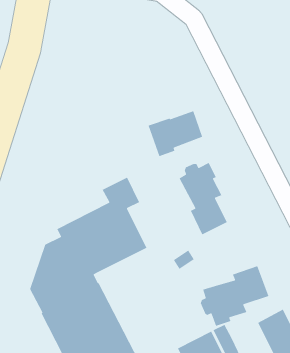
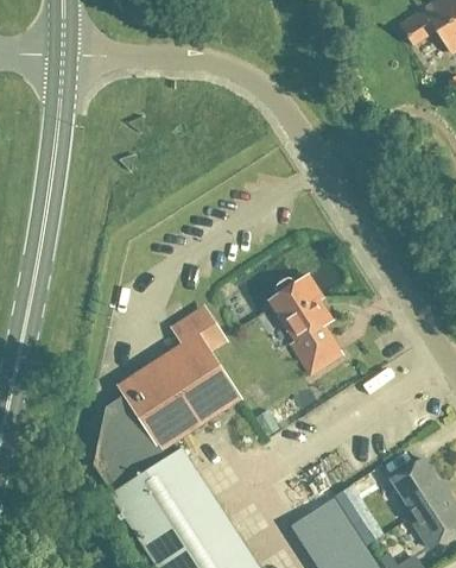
building: [147,110,203,157] -> none
building: [200,265,270,327] -> none

